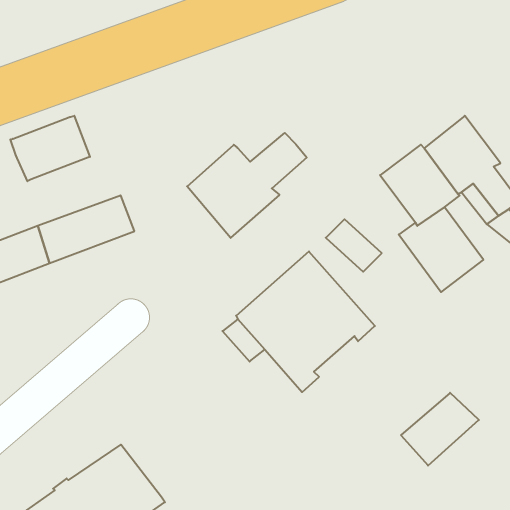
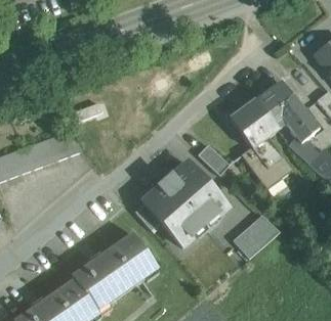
building: [10,116,90,181] -> none
building: [187,133,307,238] -> none
building: none -> [72,232,158,310]
building: [401,393,479,466] -> [233,214,280,258]

